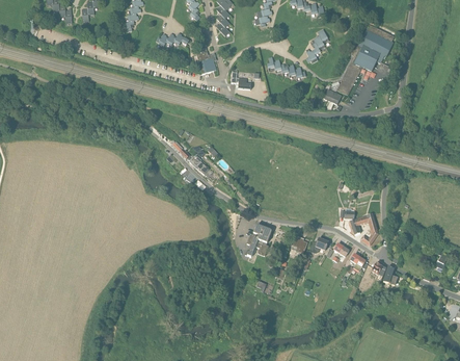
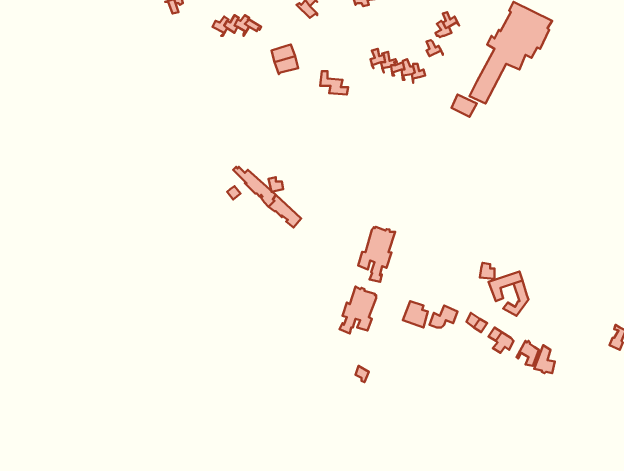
building: none -> [358,227,395,282]

